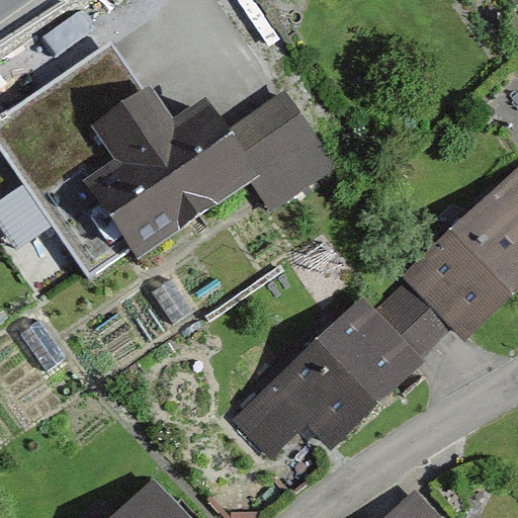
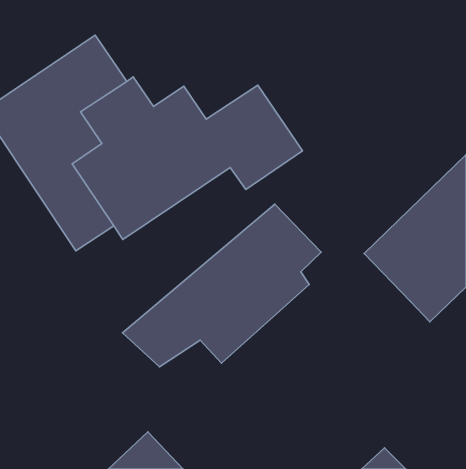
building: [232,277,449,455] -> [122,204,321,367]

